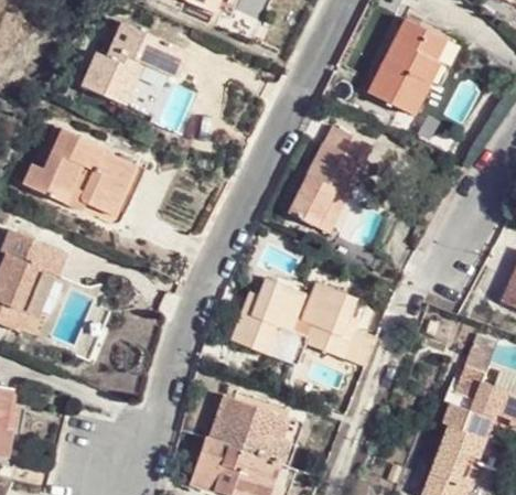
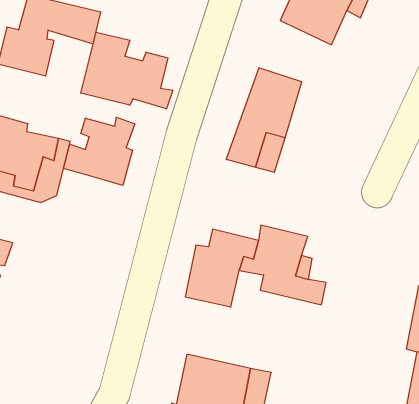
building: none -> [81,32,173,109]
building: none -> [63,117,135,185]
building: [273,320,310,363] -> none

